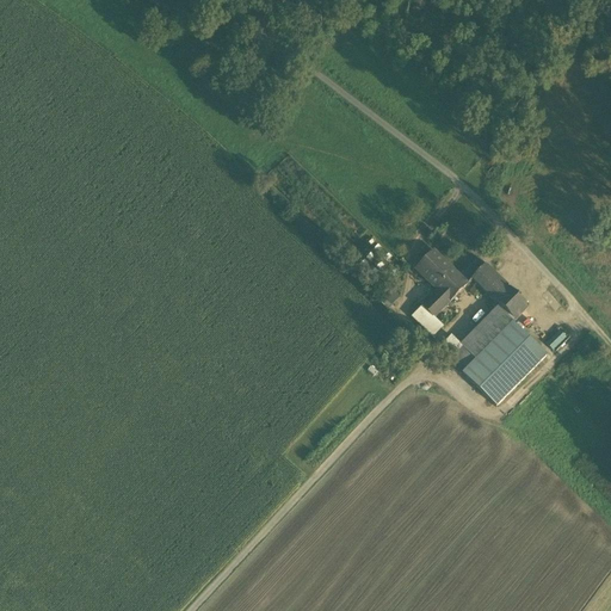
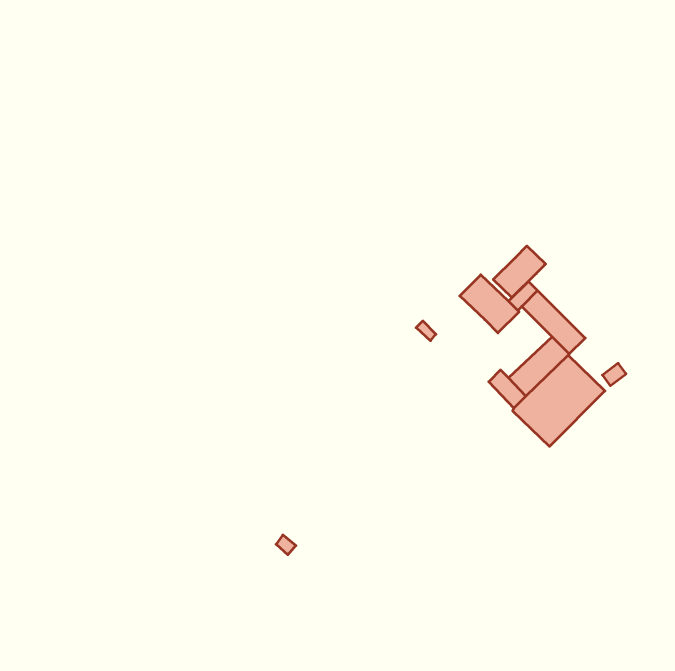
building: none -> [493,246,546,298]
building: [413,289,450,335] -> none

